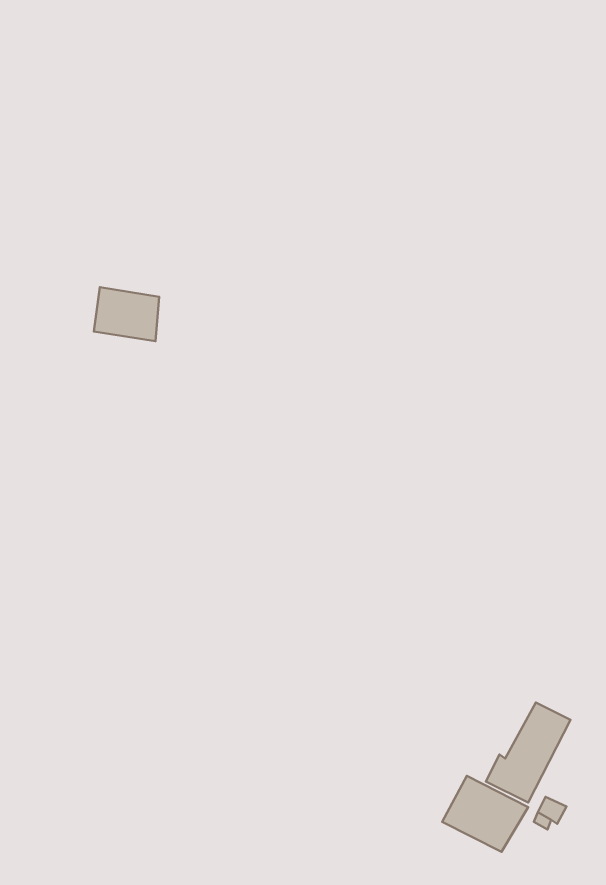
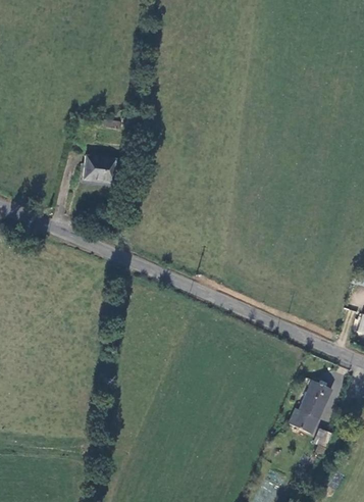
building: [442,776,528,852] -> none

